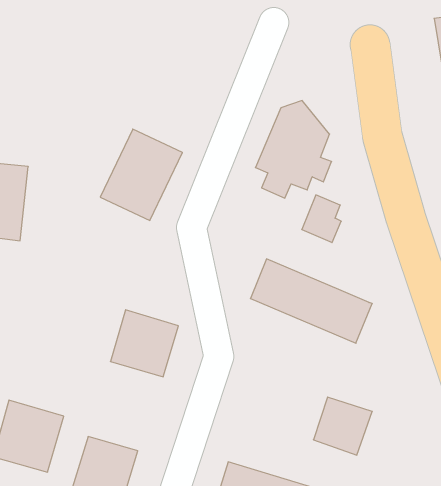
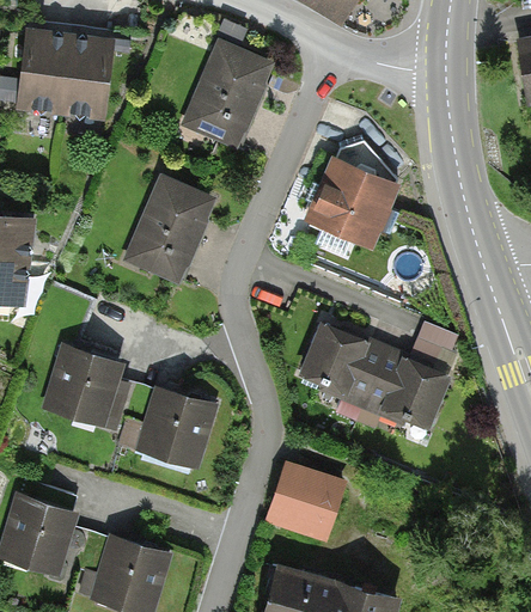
building: none -> [18,30,116,123]
building: none -> [182,38,275,146]
building: [302,195,341,243] -> [405,323,452,379]
building: none -> [41,343,124,426]
building: [313,397,372,455] -> [270,467,340,536]

